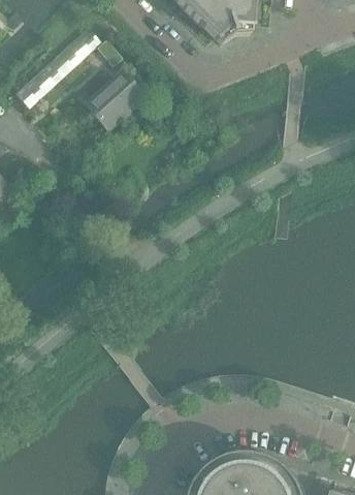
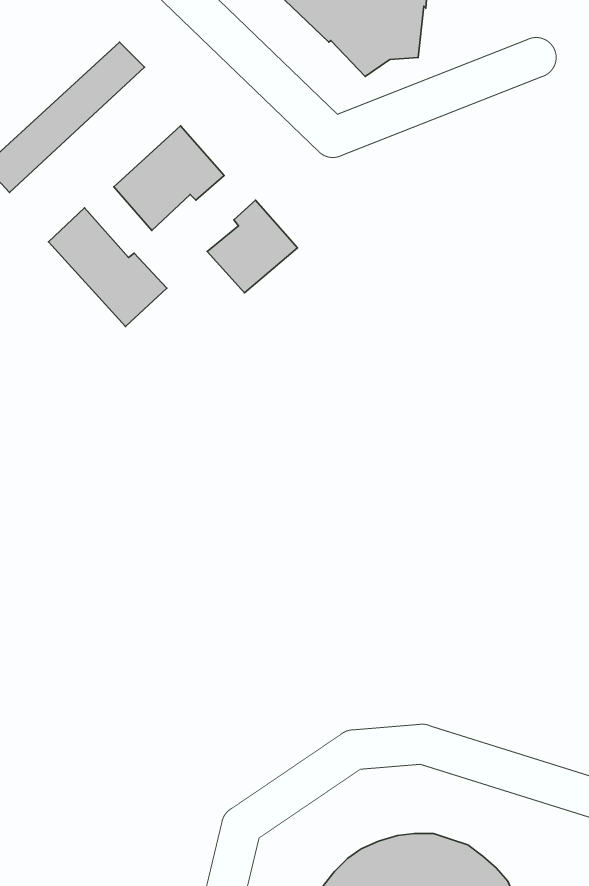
building: none -> [207,200,298,293]
building: none -> [48,208,167,327]

